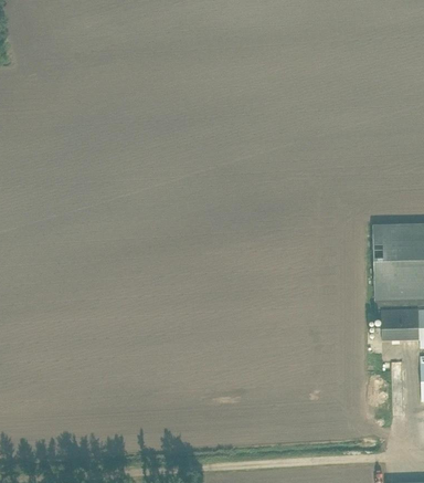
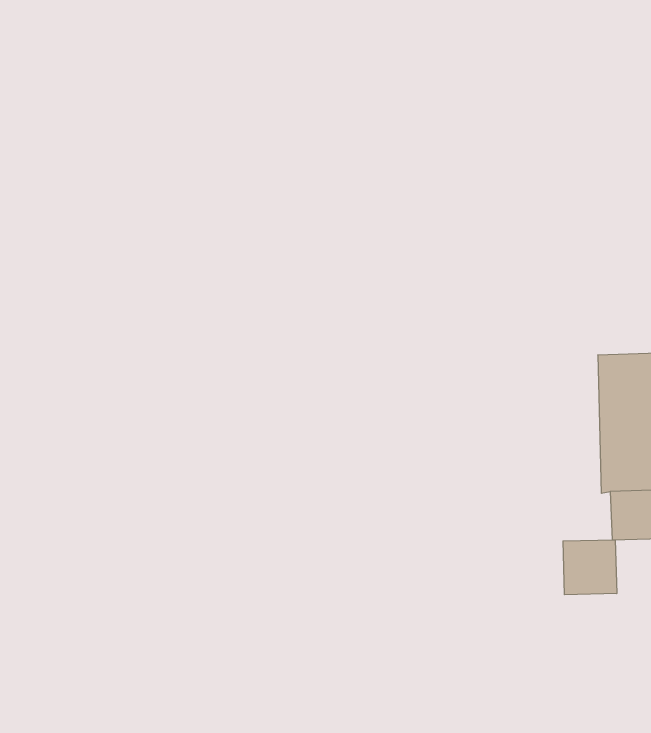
building: none -> [563,540,617,595]

